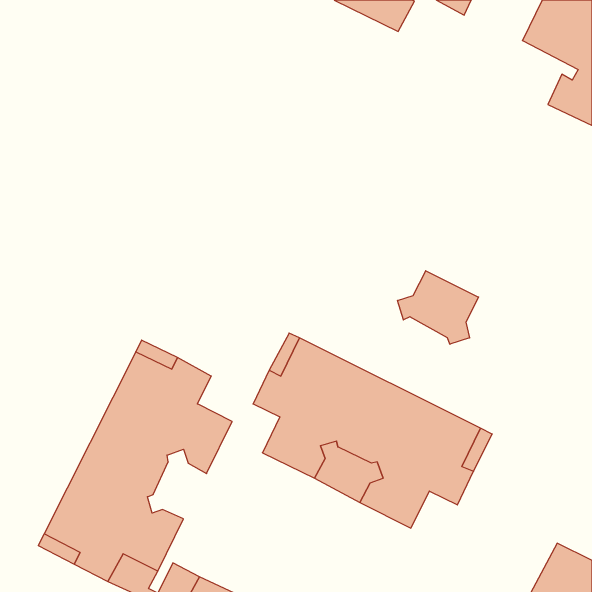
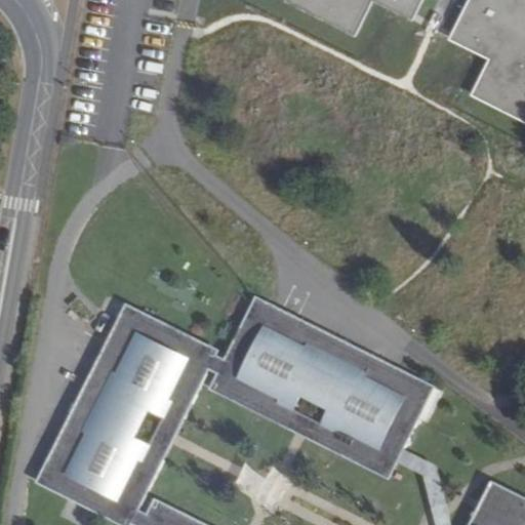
building: [398,271,479,344] -> none
building: none -> [174,333,247,401]
building: none -> [130,398,183,459]
building: none -> [363,435,404,480]

